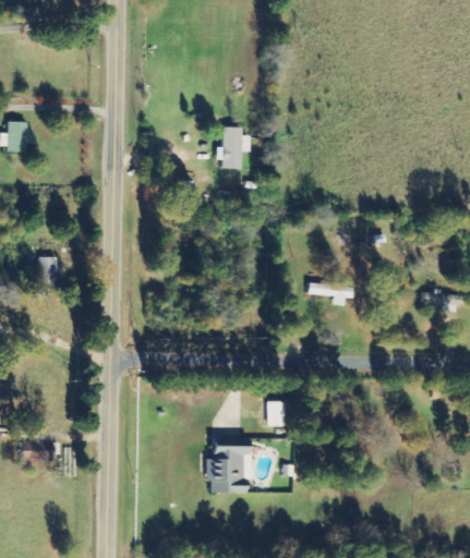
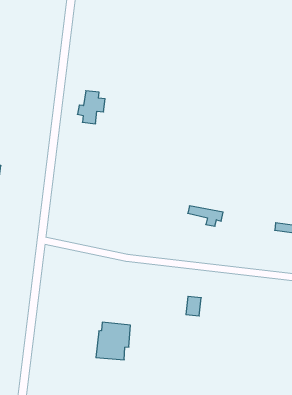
building: [215,126,249,168] -> [77,91,105,124]
building: [267,401,285,425] -> [186,296,201,316]

